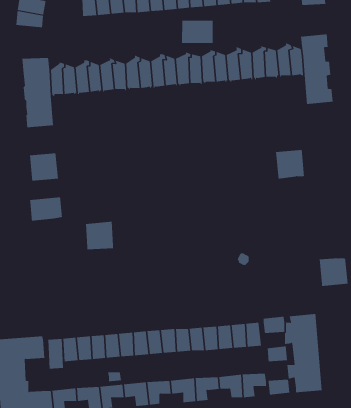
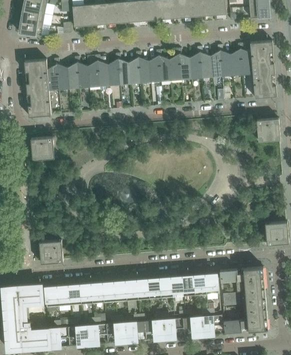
building: [182,20,213,44] -> none
building: [275,149,305,179] -> [256,118,280,142]
building: [29,197,62,222] -> none
building: [85,221,114,250] -> [39,240,62,263]

